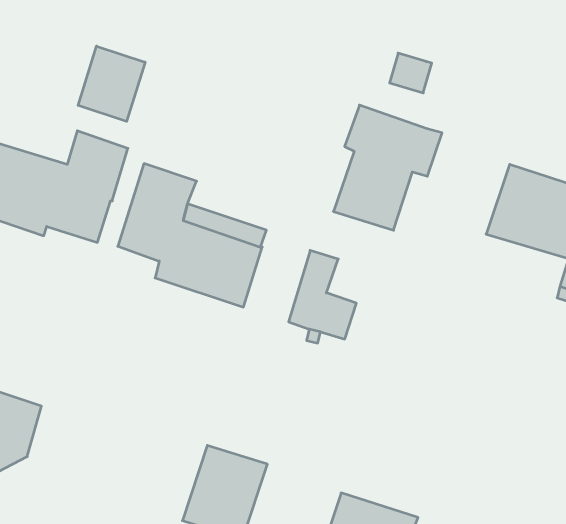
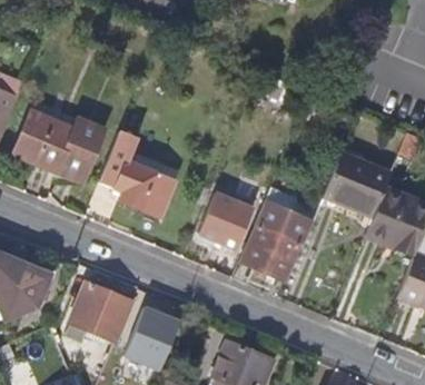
building: [78,46,145,121] -> none
building: [333,105,442,230] -> [244,200,314,278]
building: none -> [71,285,130,342]

